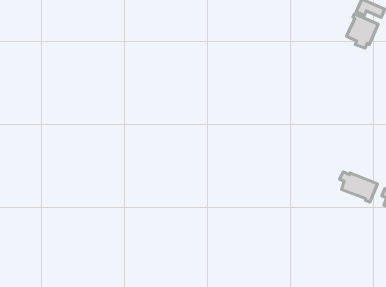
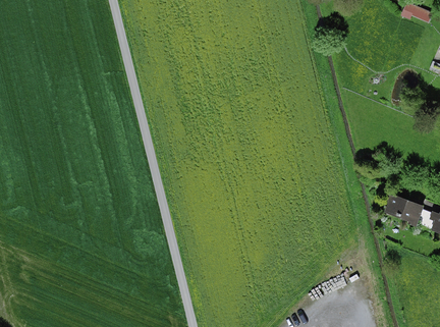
building: [347,14,378,48] -> none

